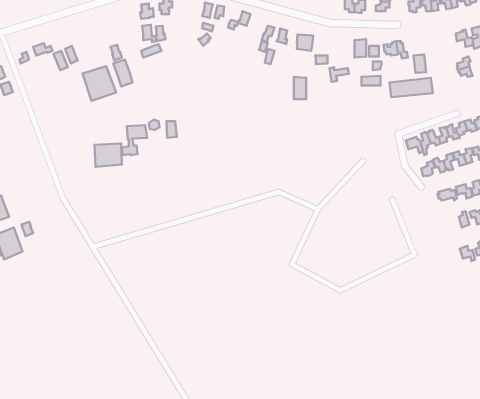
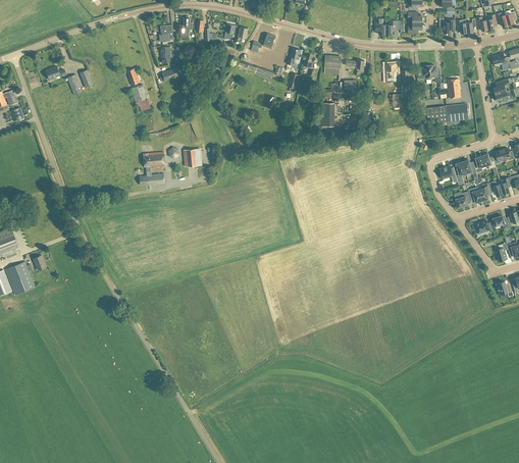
building: [82,66,116,101] -> none
building: [94,143,122,167] -> none

